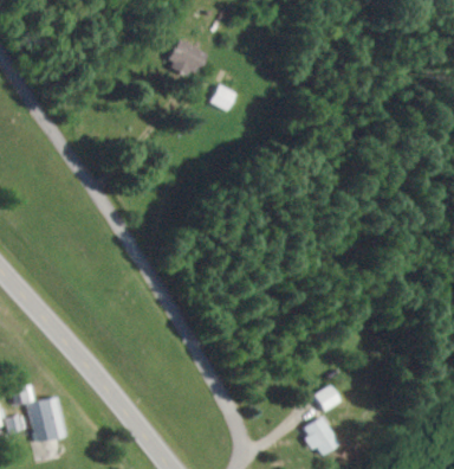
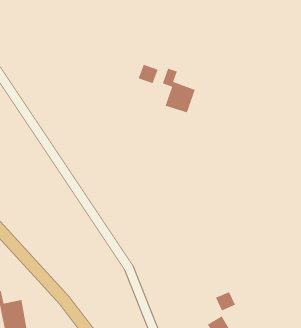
building: [166,38,209,77] -> none
building: none -> [162,68,195,113]

